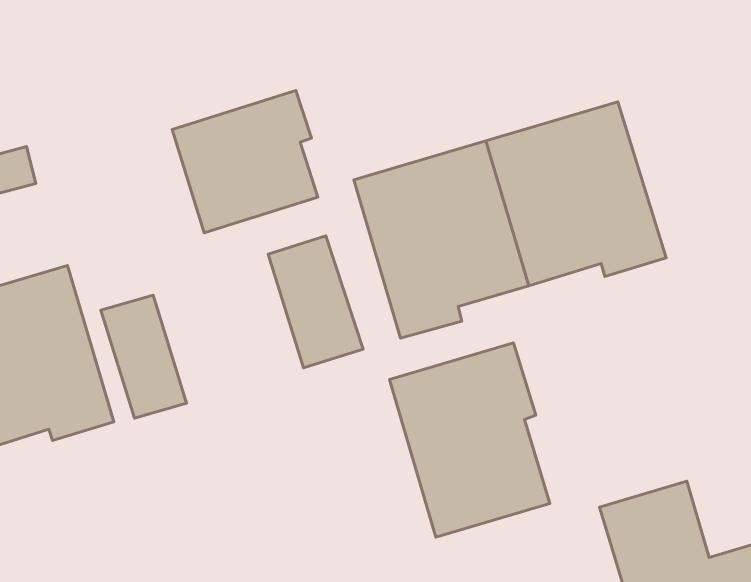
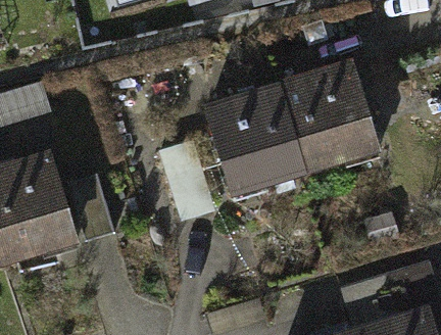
building: [172,91,318,233] -> none
building: [390,343,550,537] -> none

